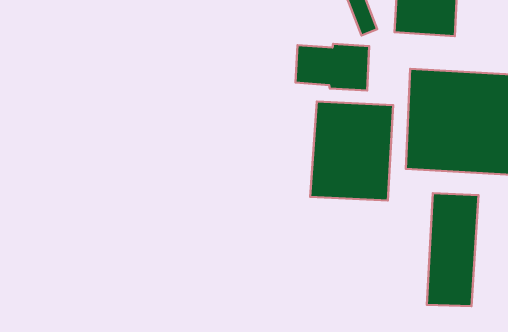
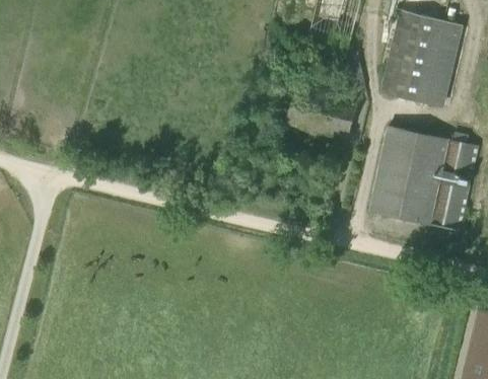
building: [310,102,393,201] -> none
building: [427,193,479,306] -> none

